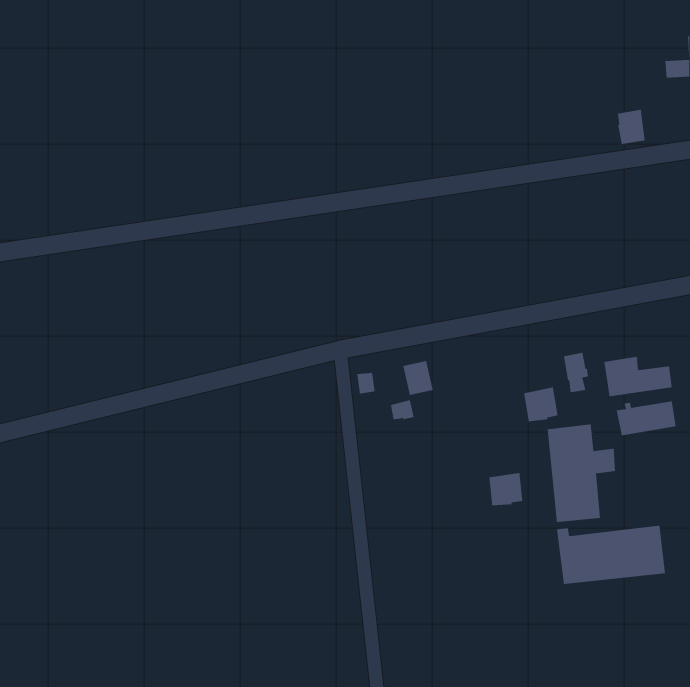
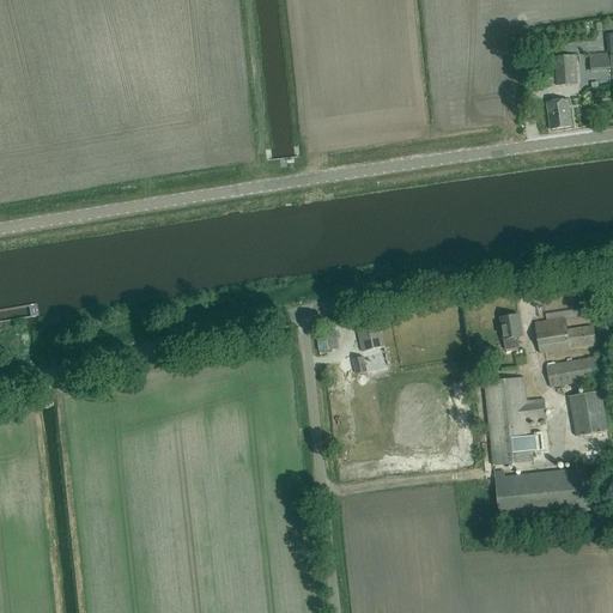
building: none -> [554,54,578,85]
building: [524,387,558,422] -> none
building: none -> [569,389,607,435]
building: [489,472,523,506] -> none

